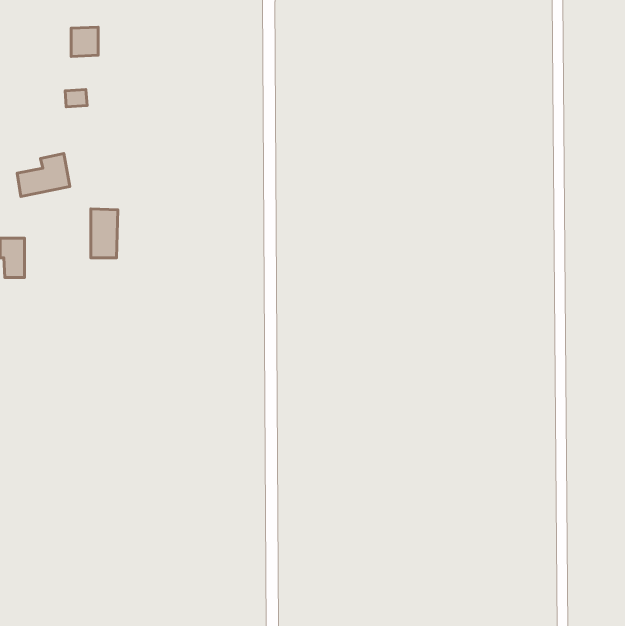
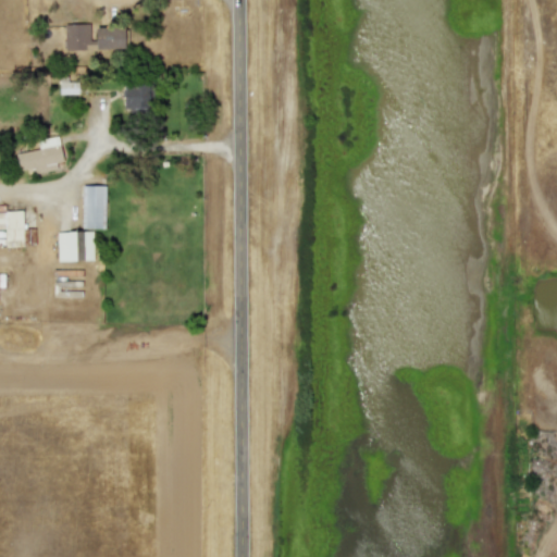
building: none -> [96,28,125,50]
building: none -> [125,85,149,110]
building: none -> [58,232,95,262]

